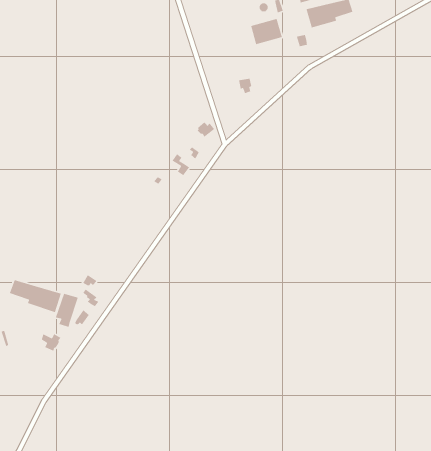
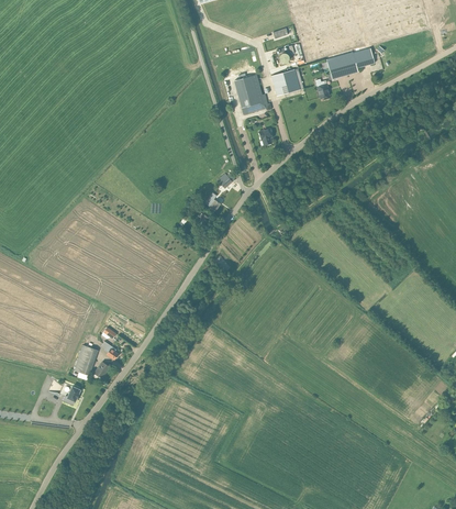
building: none -> [233,67,271,111]
building: [9,279,62,313] -> none

